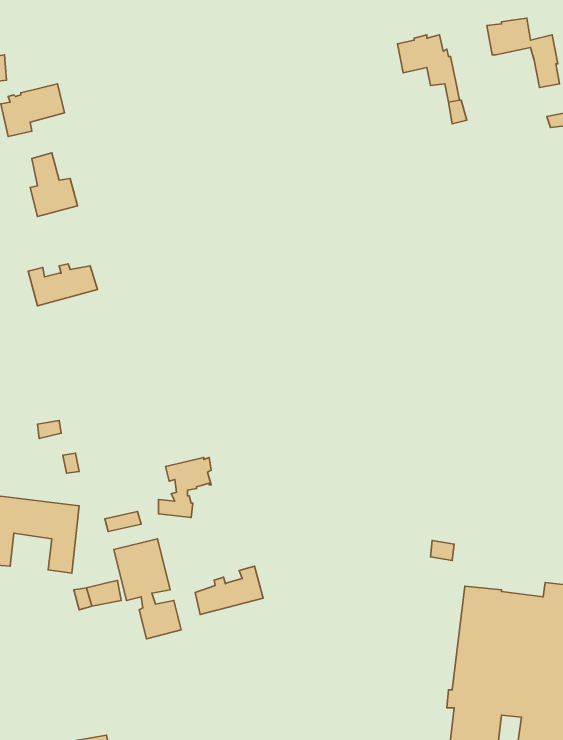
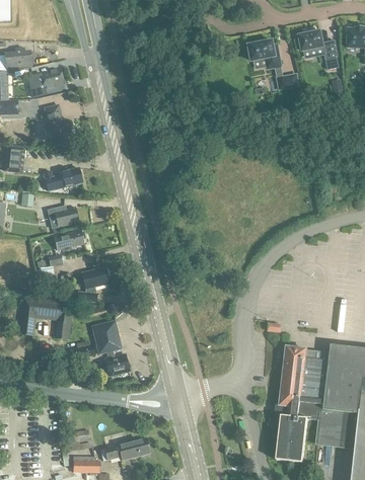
building: none -> [47,206,77,227]
building: none -> [53,231,84,251]
building: [158,458,211,518] -> [77,268,106,302]
building: [195,566,263,615] -> none

